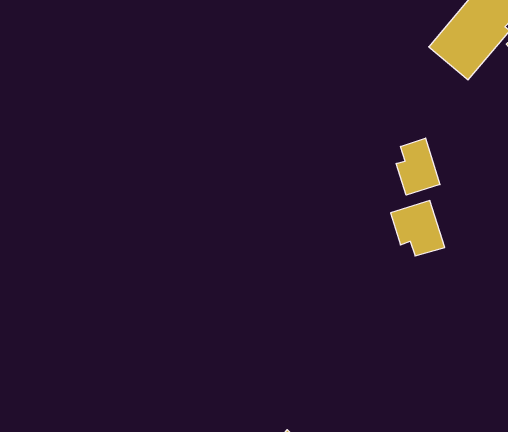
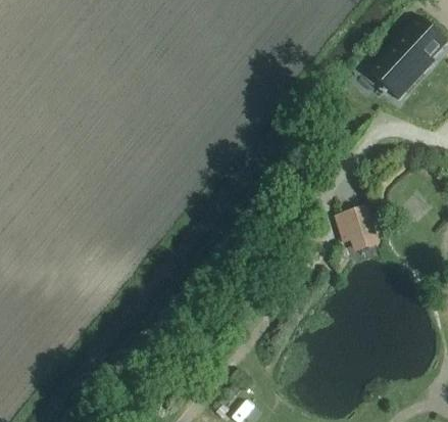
building: [396,138,440,195] -> none

